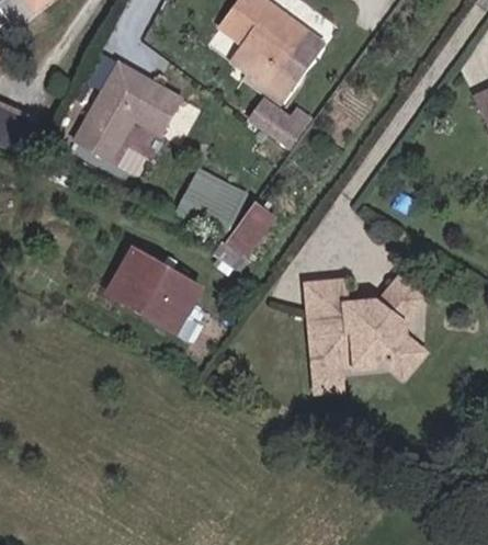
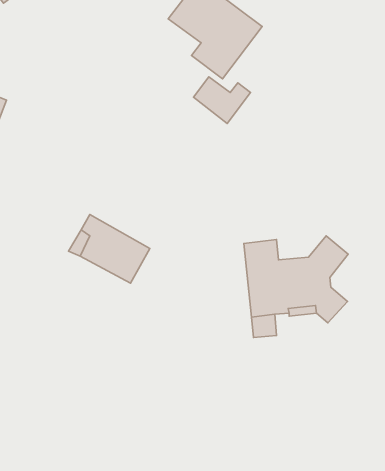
building: [73,59,184,178] -> none
building: [174,168,247,237] -> none
building: [226,204,274,258] -> none

